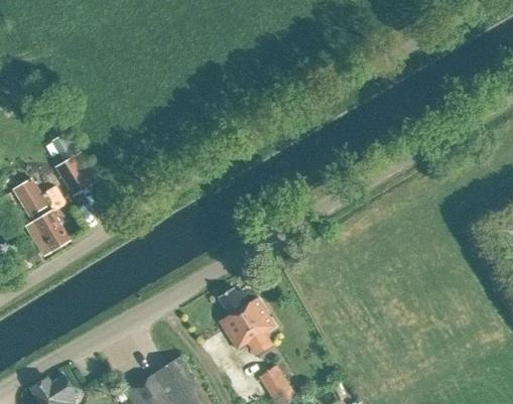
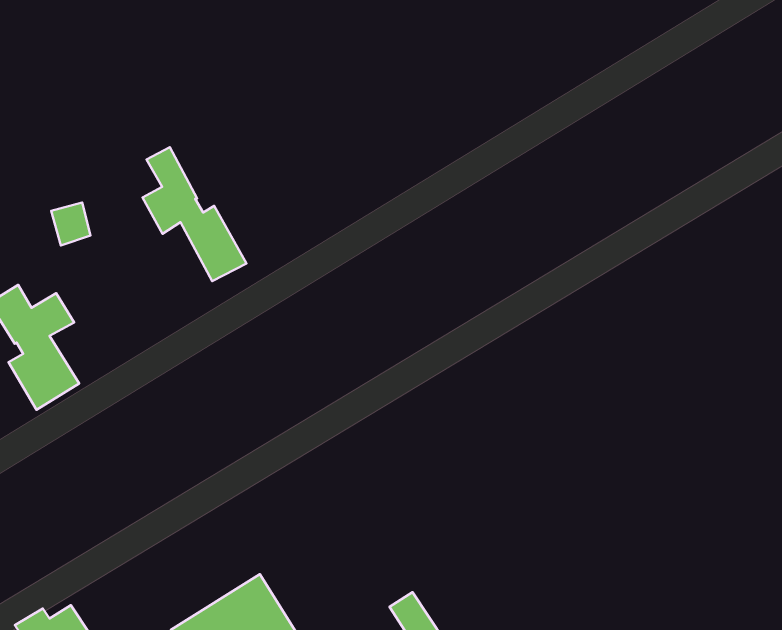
building: none -> [143,147,246,281]
building: [55,152,98,197] -> none
building: [219,288,275,350] -> none

